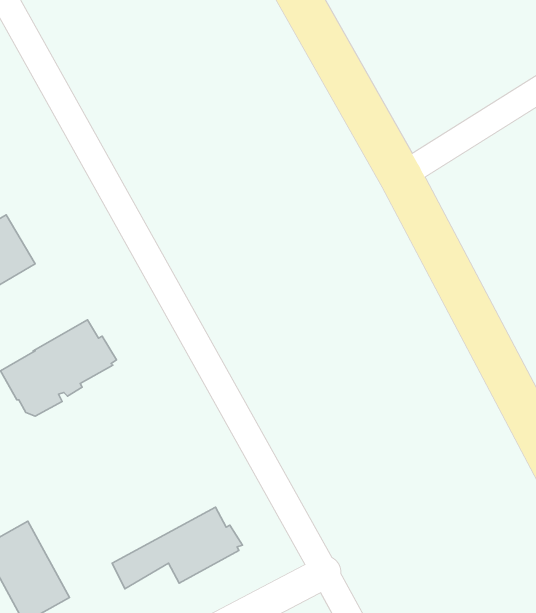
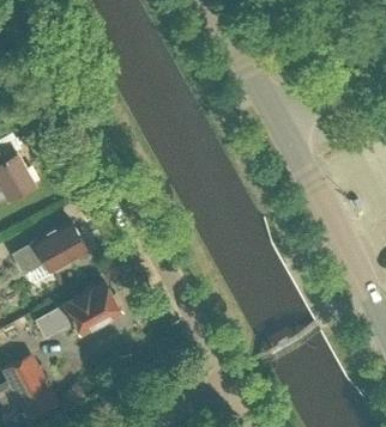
building: [112,507,243,589] -> [36,283,122,337]

